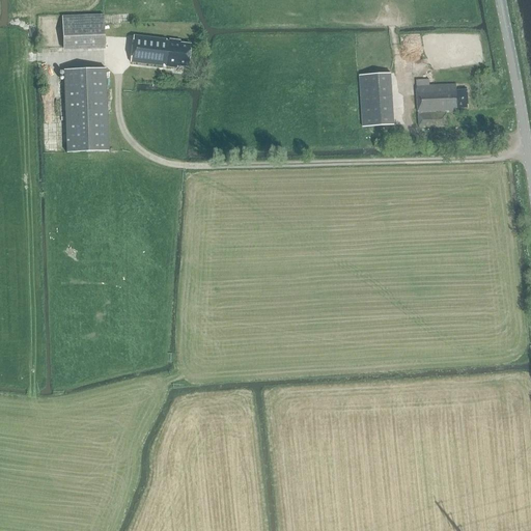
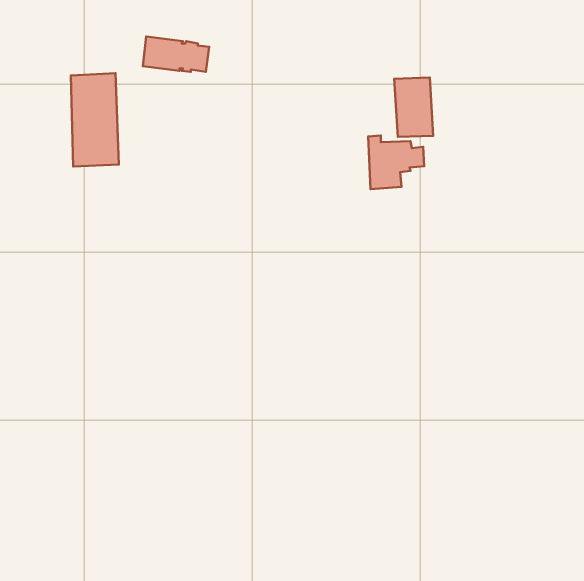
building: [60,13,104,46] -> none
building: [417,78,468,127] -> [368,135,424,189]

